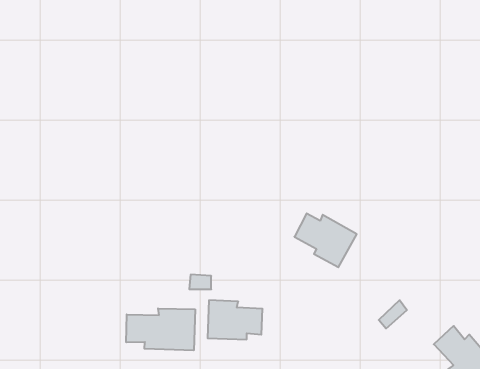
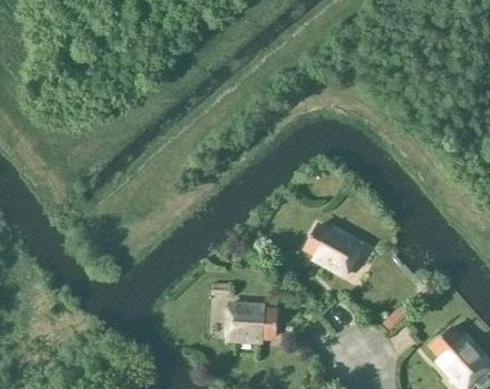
building: [126,308,195,350] -> none

